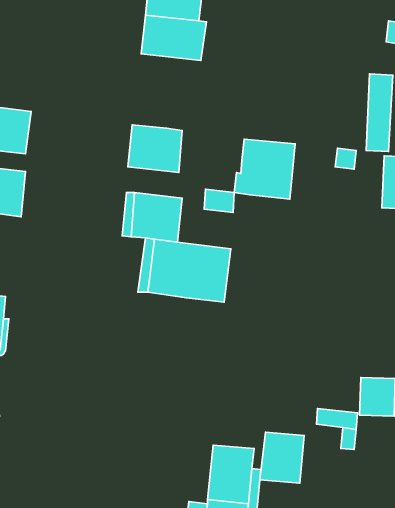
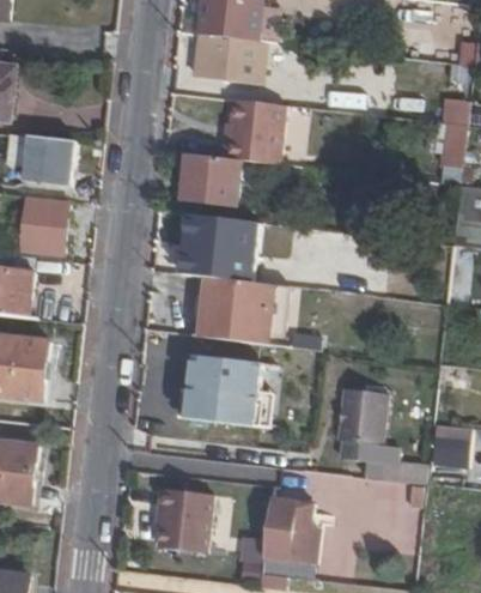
building: [234,139,295,199] -> [221,99,287,164]
building: none -> [187,357,260,426]
building: [260,432,304,483] -> [341,386,389,441]
building: none -> [159,489,213,552]

